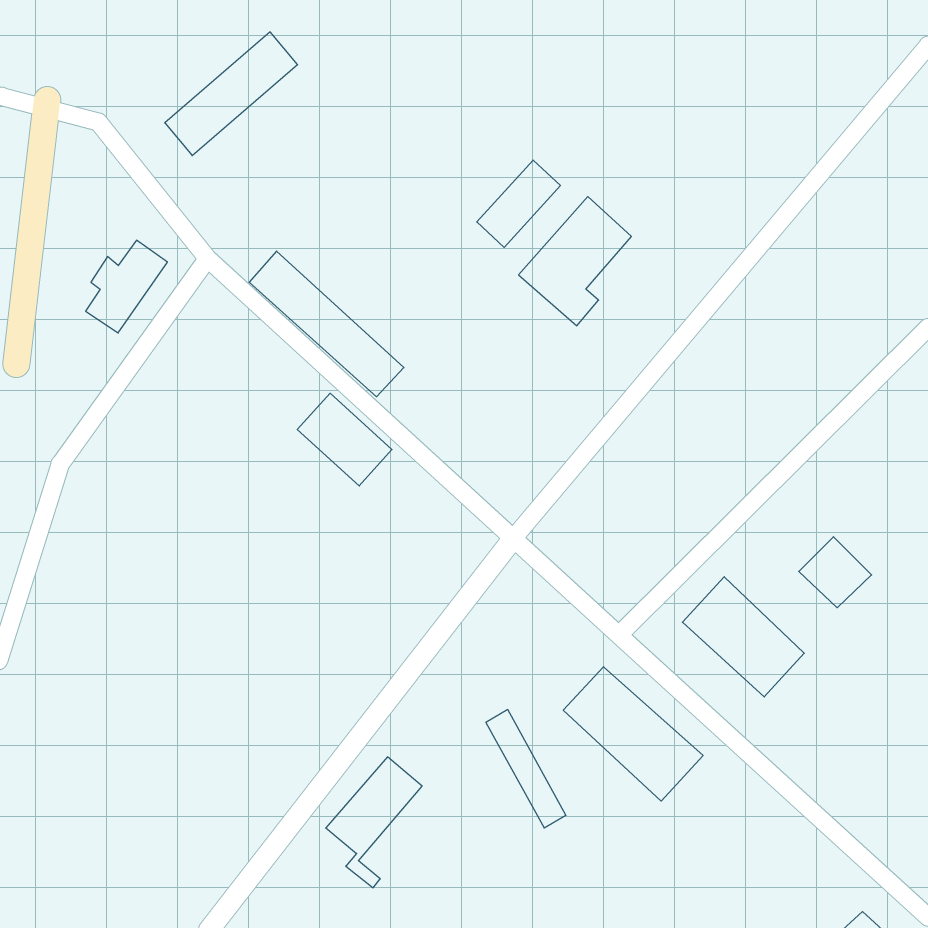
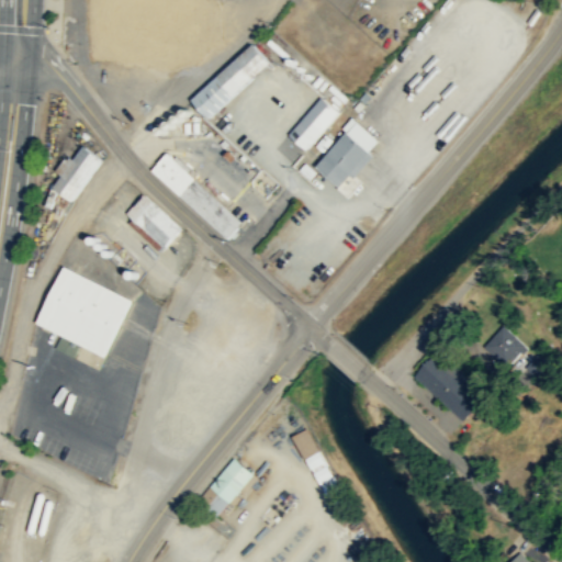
building: [165,32,298,156] -> [190,45,270,120]
building: [297,393,392,486] -> [123,195,180,251]
building: none -> [35,267,133,358]
building: [563,667,703,801] -> none

